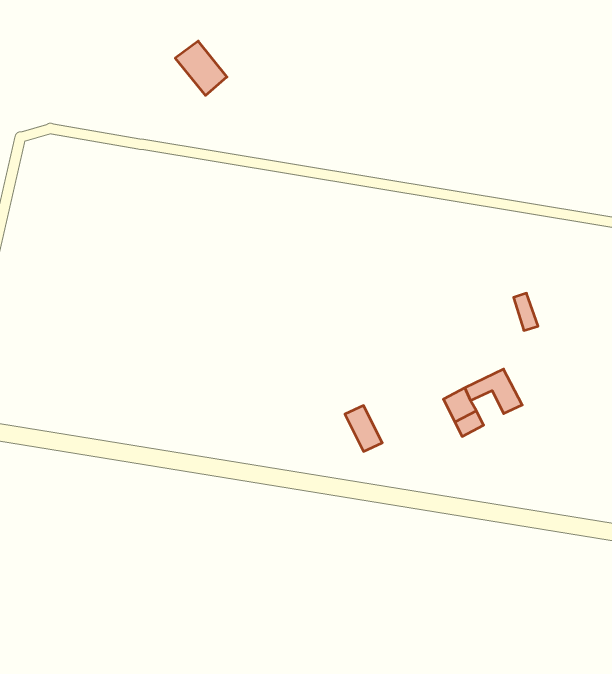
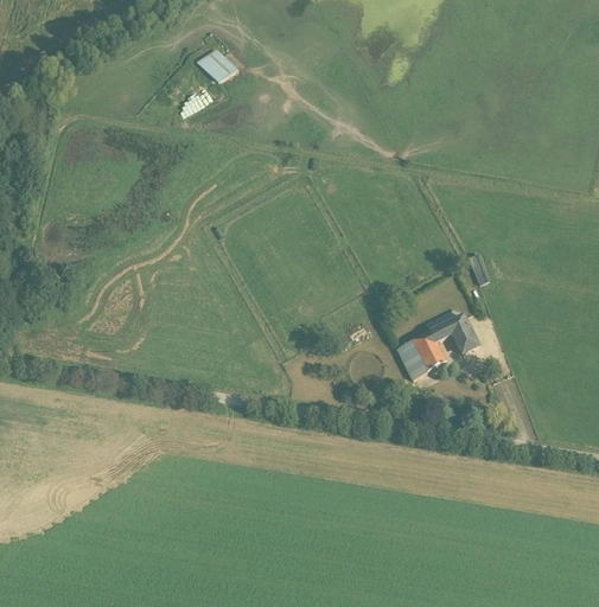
building: [345,406,382,451] -> [397,339,428,377]

